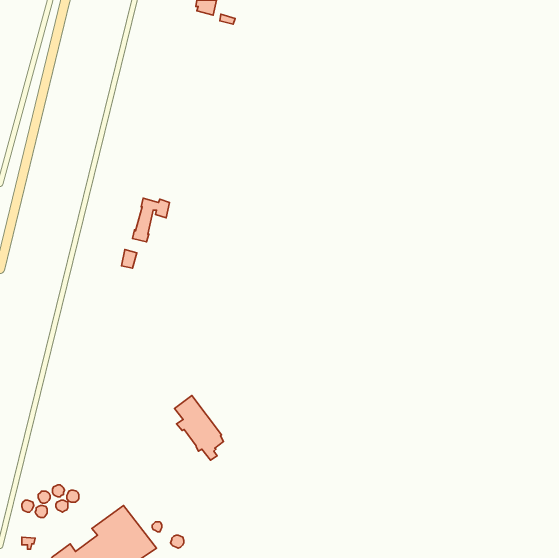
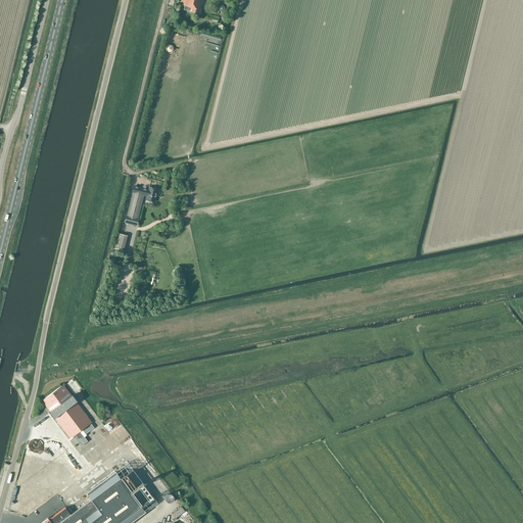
building: [174,396,224,460] -> [48,386,94,446]

